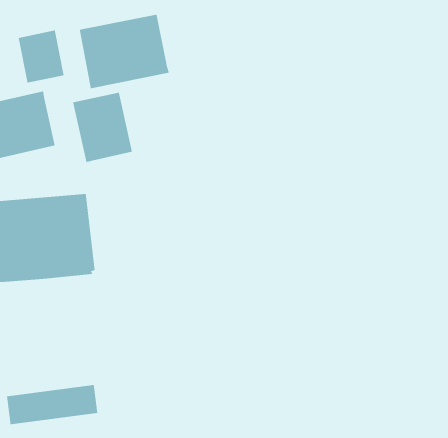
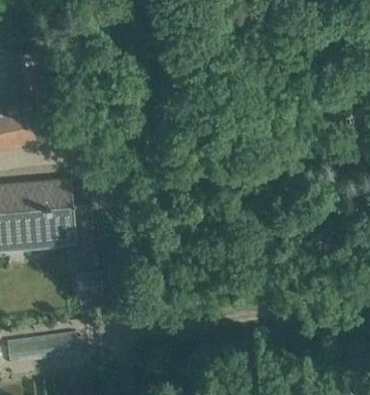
building: [79,14,169,89] -> none
building: [73,92,132,163] -> none

